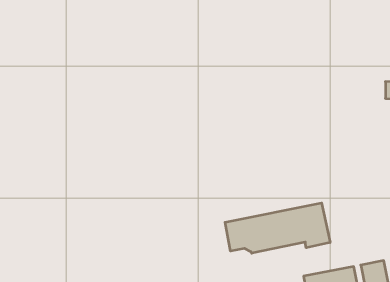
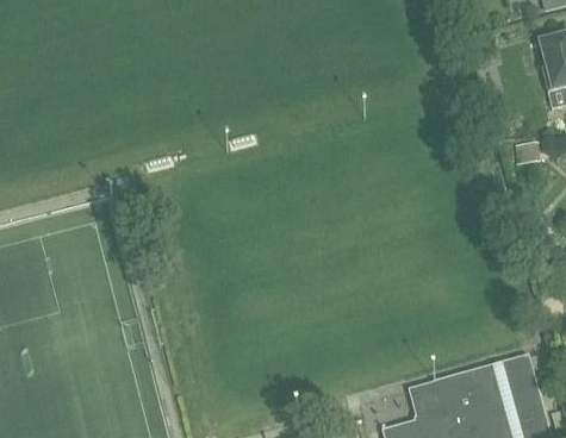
building: [225,203,330,253] -> none

